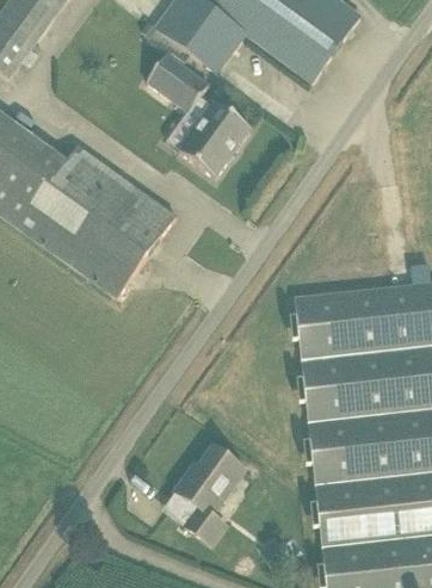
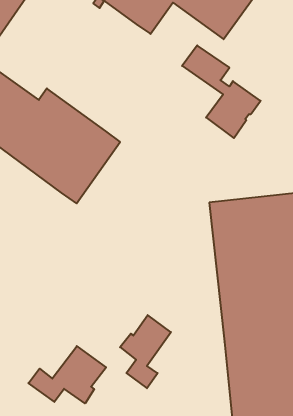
building: [146,54,251,178] -> [182,45,261,138]
building: none -> [28,346,106,403]

